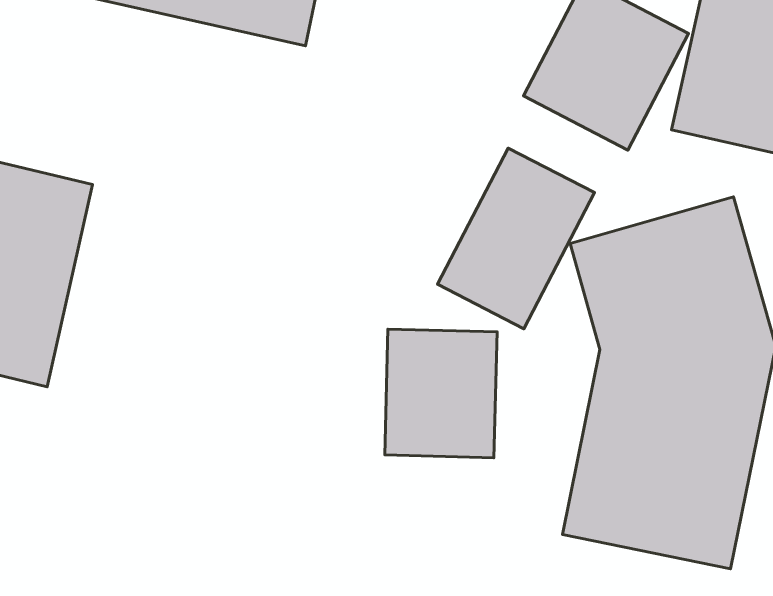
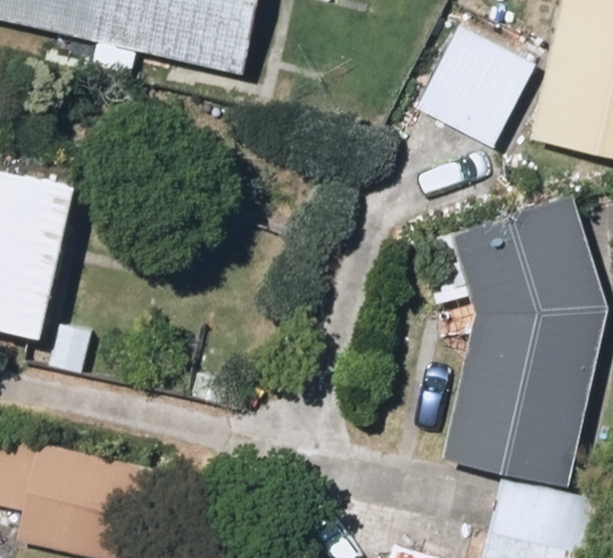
building: [437,148,595,329] -> none
building: [385,329,497,458] -> none

